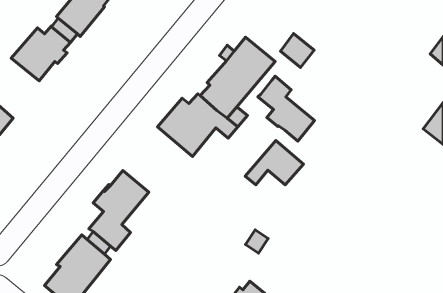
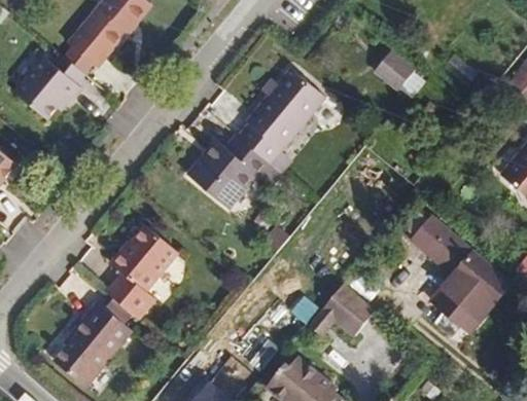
building: [280,34,314,68] -> [376,50,416,90]
building: [258,76,315,141] -> none
building: [245,140,304,185] -> [308,283,377,335]
building: none -> [413,216,511,332]

